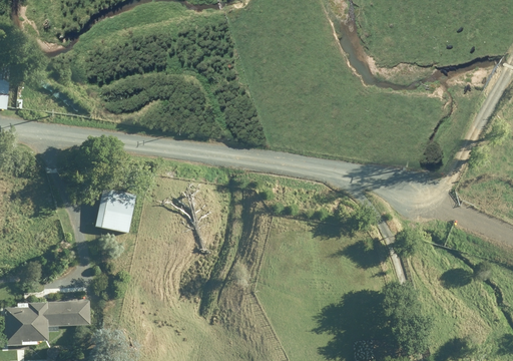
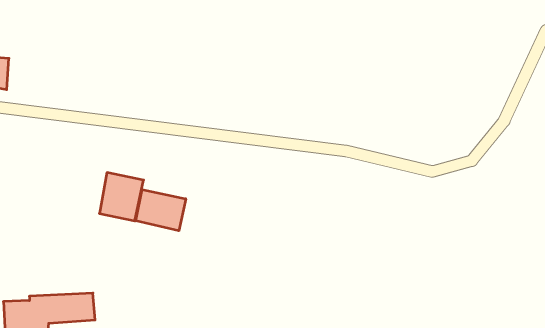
building: none -> [136,190,186,231]

